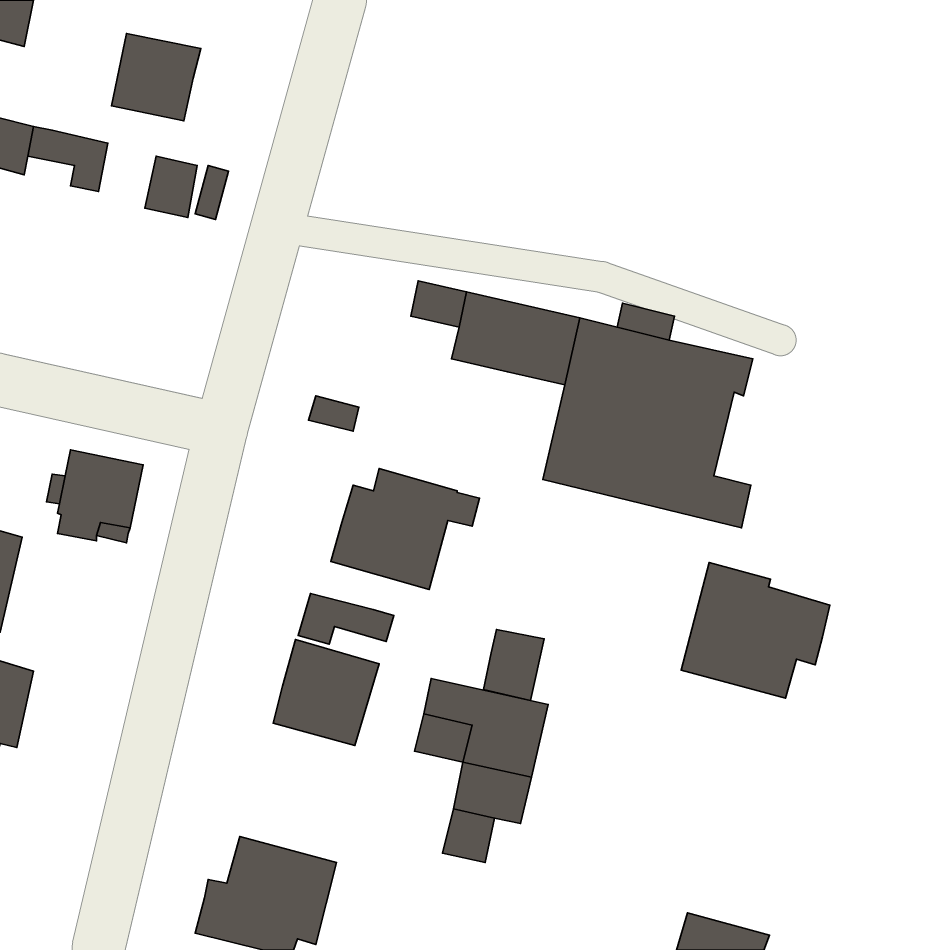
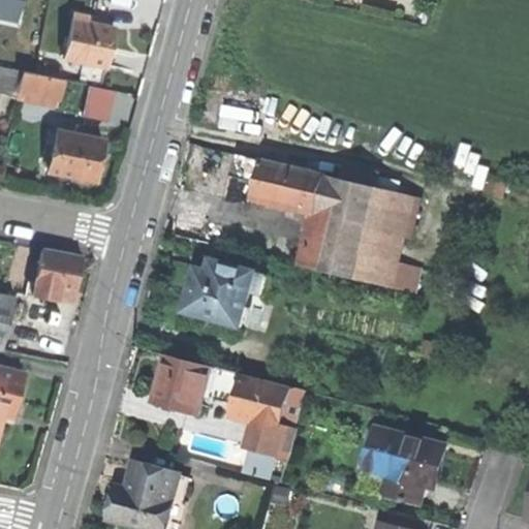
building: none -> [45,130,100,180]
building: [681,563,830,698] -> [362,426,444,501]
building: [298,593,394,644] -> none
building: [483,629,544,701] -> none

